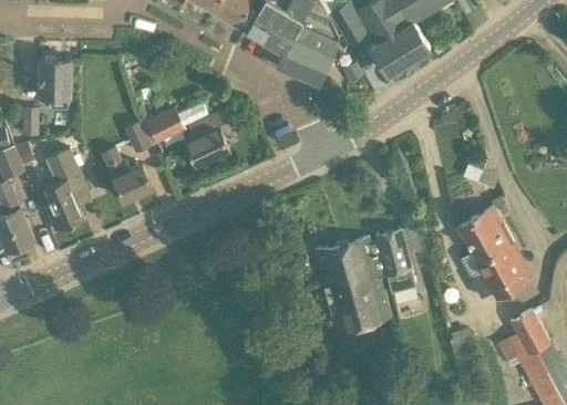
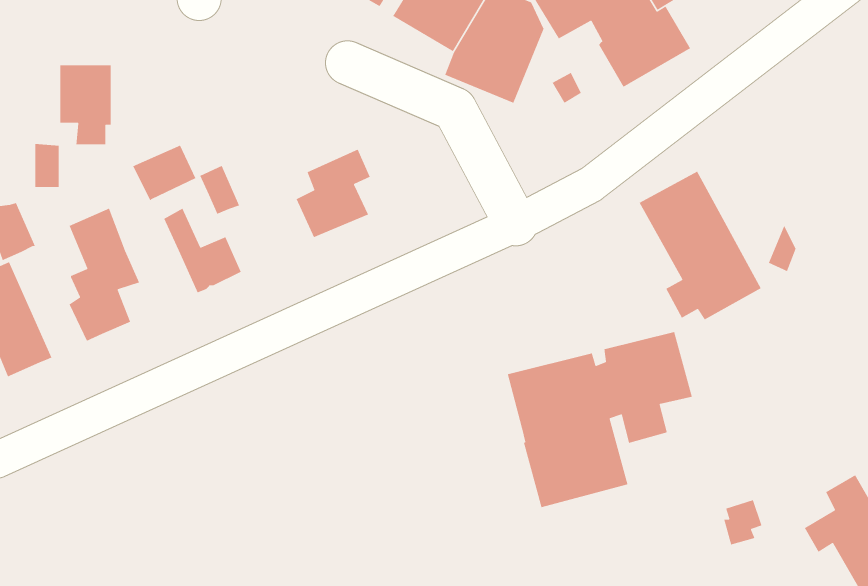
building: [146,110,186,145] -> [132,144,197,202]
building: [456,208,533,301] -> [638,170,762,321]

